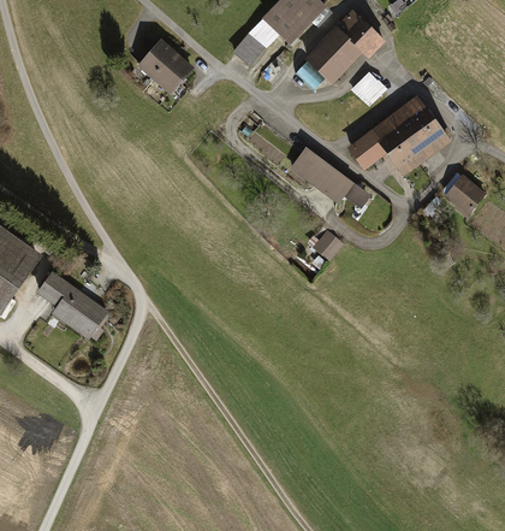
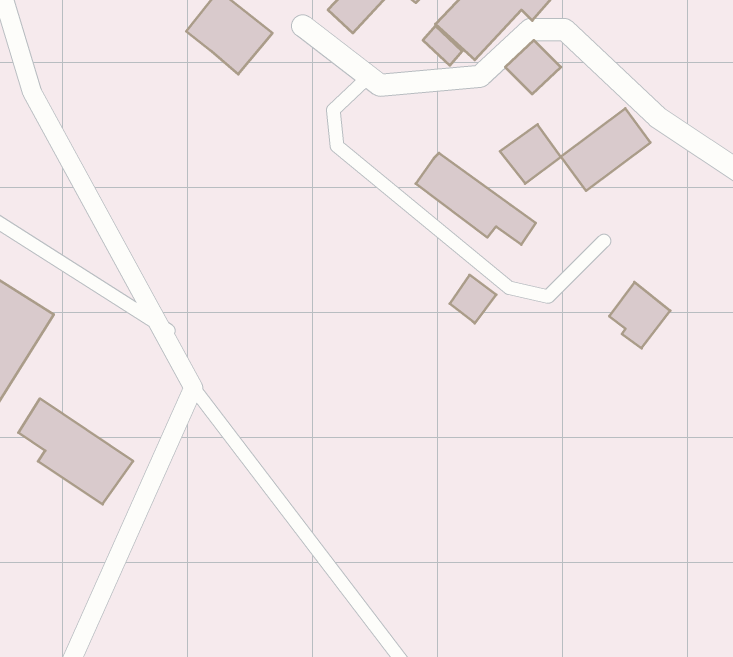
building: [372,95,430,149] -> none
building: [444,173,485,218] -> [609,282,670,348]
building: [36,269,113,340] -> [18,399,133,504]

